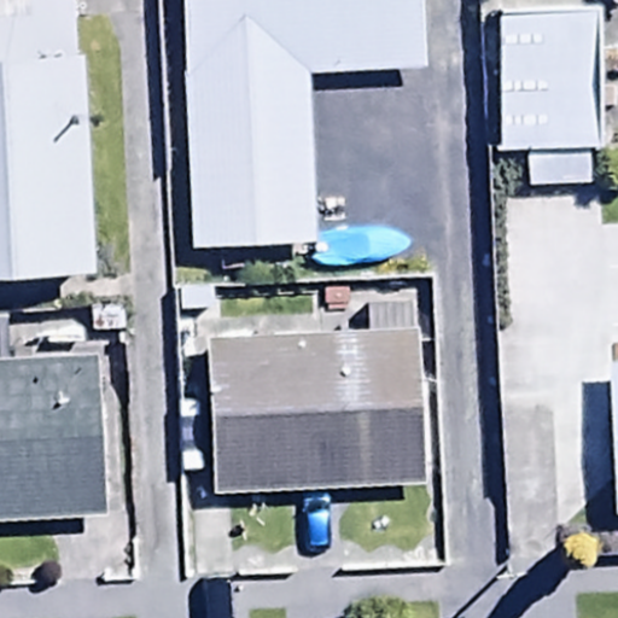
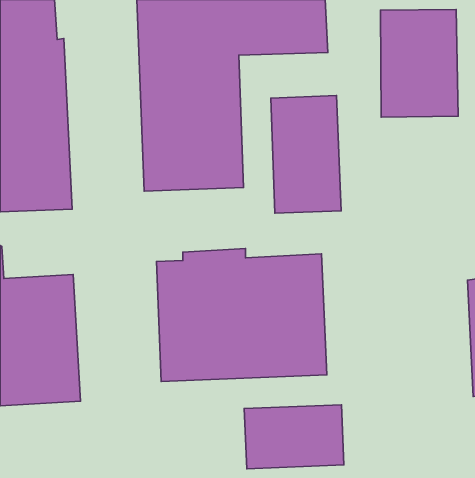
building: none -> [271,96,341,213]
building: none -> [244,405,344,469]

